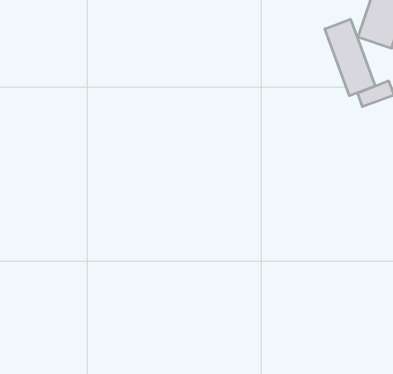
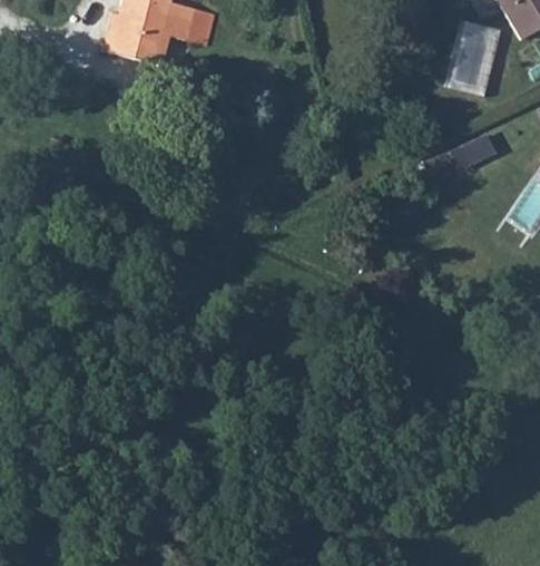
building: [325,19,375,96] -> none

